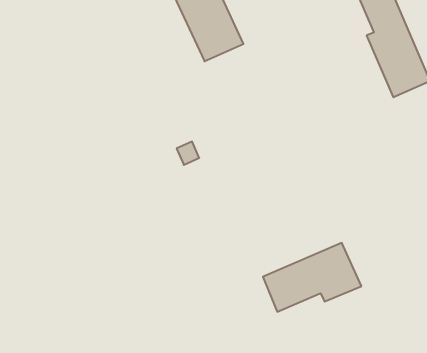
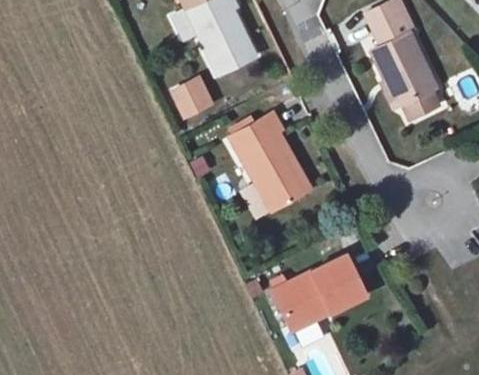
building: none -> [169,74,216,121]
building: none -> [231,115,304,209]

